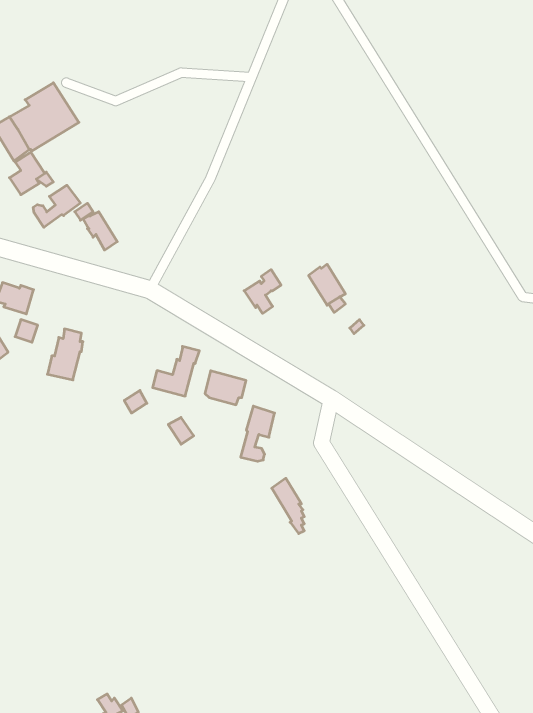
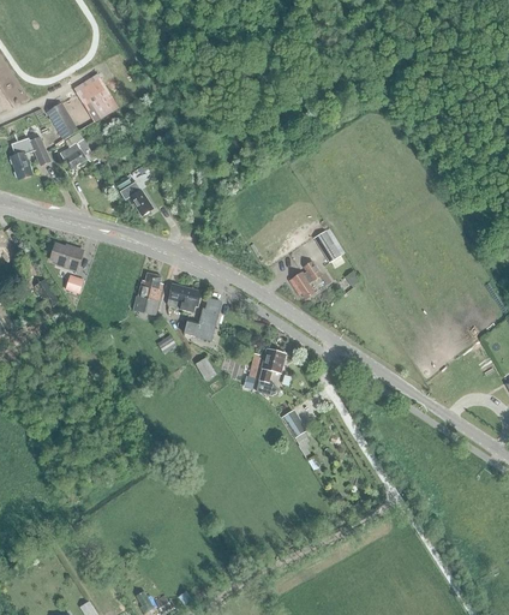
building: [33,185,80,227] -> none
building: [244,270,281,313] -> [289,262,321,299]
building: [47,329,83,380] -> [131,273,161,316]
building: [205,371,246,405] -> [164,283,199,312]

